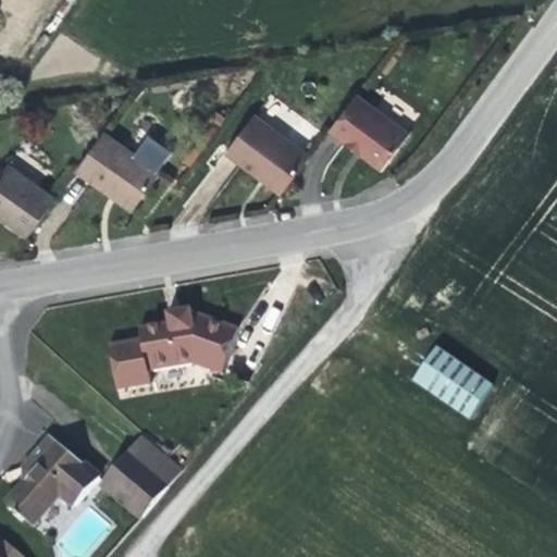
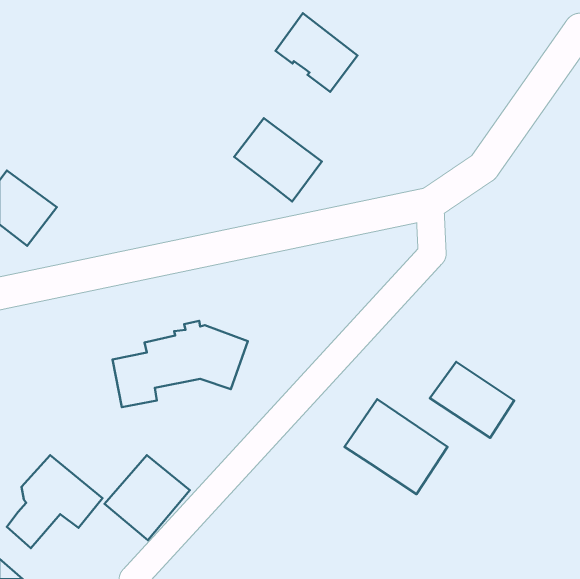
building: [329,92,407,168] -> [276,13,357,92]
building: [75,131,159,209] -> none
building: none -> [345,399,448,494]

